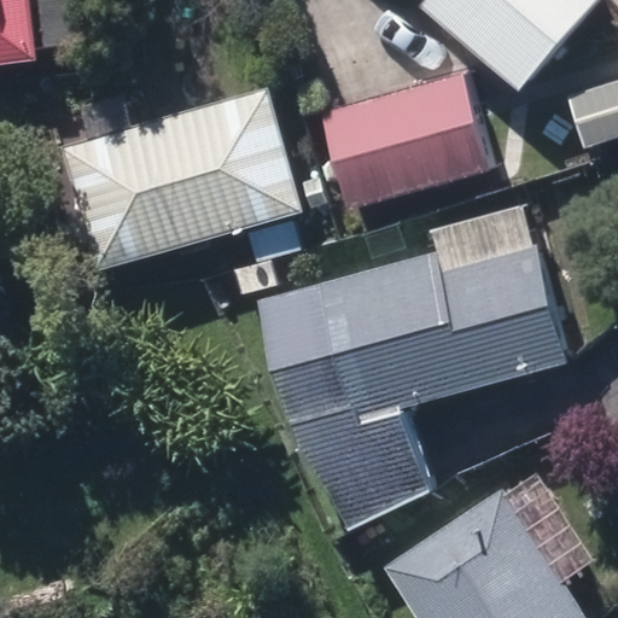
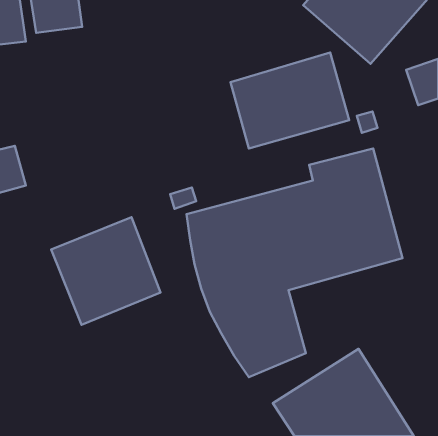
building: [64,91,302,269] -> none
building: none -> [51,217,160,325]

